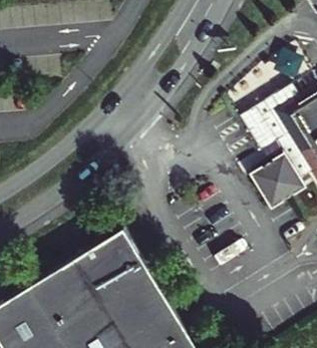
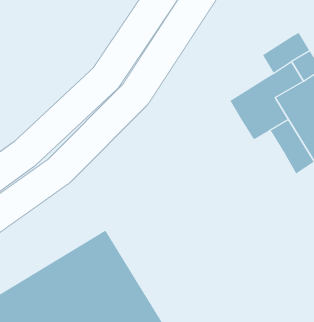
building: [248,160,304,218] -> none

